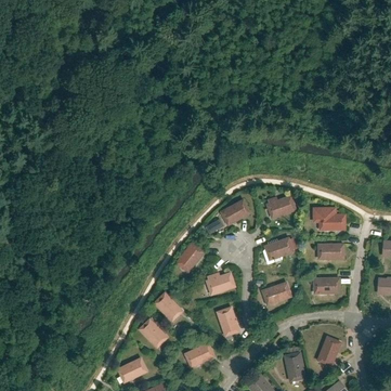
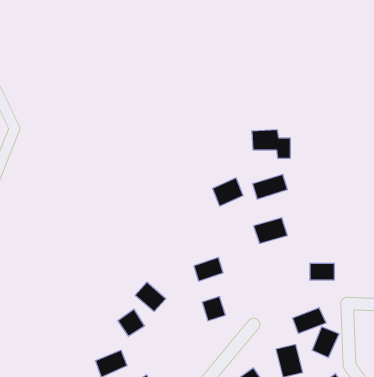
building: [313,205,349,231] -> [252,130,290,158]
building: [316,242,347,260] -> none
building: [174,244,207,276] -> none
building: [262,282,294,305] -> [292,308,326,333]
building: [186,341,217,368] -> none

